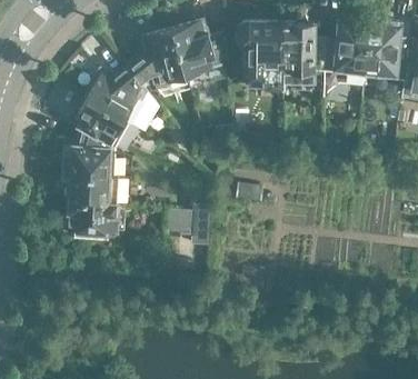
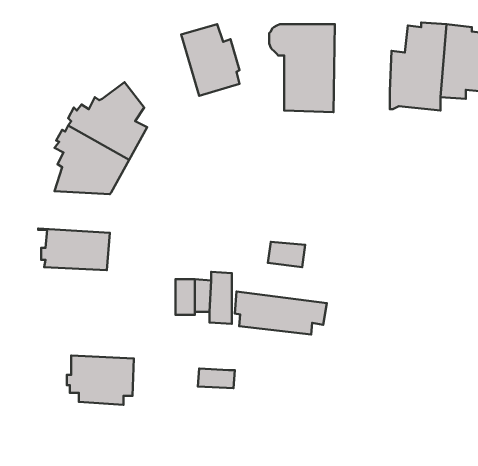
building: [285,17,328,92] -> none
building: [129,29,185,88] -> none
building: [62,146,118,177] -> none
building: [66,202,116,239] -> [67,355,134,405]
building: none -> [235,291,327,335]

